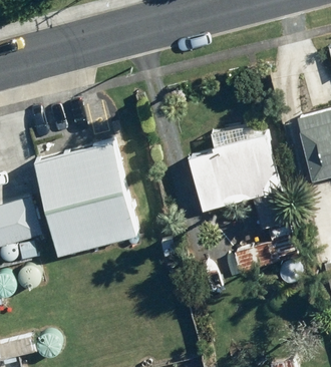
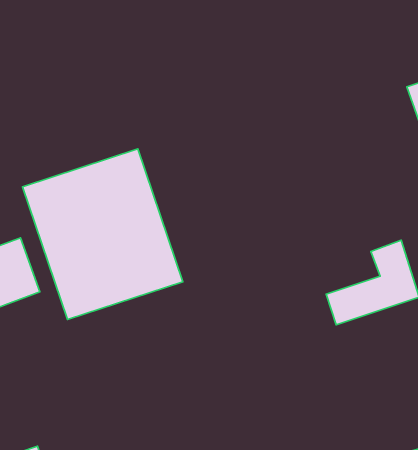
building: [190,126,283,211] -> none

